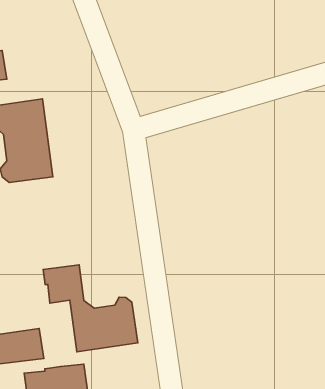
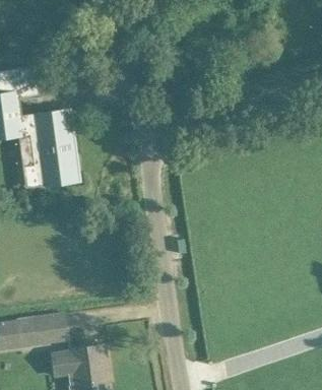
building: [43,265,138,352] -> none

